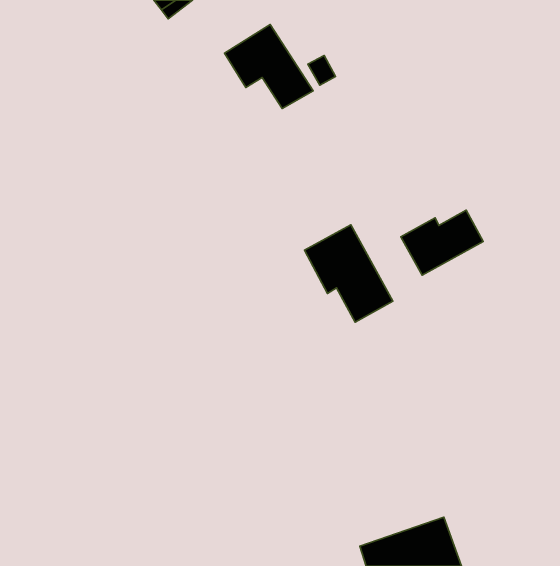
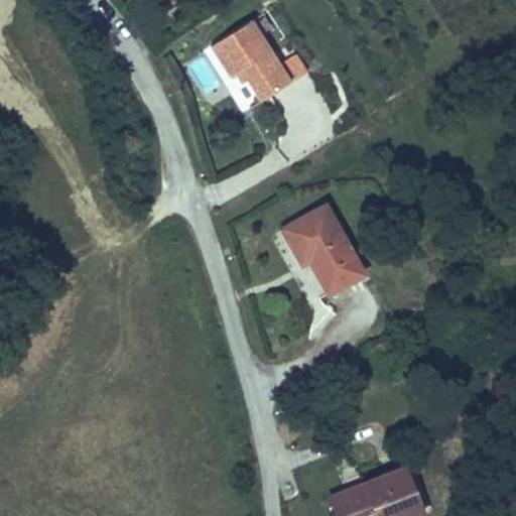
building: [401,210,483,275] -> none

